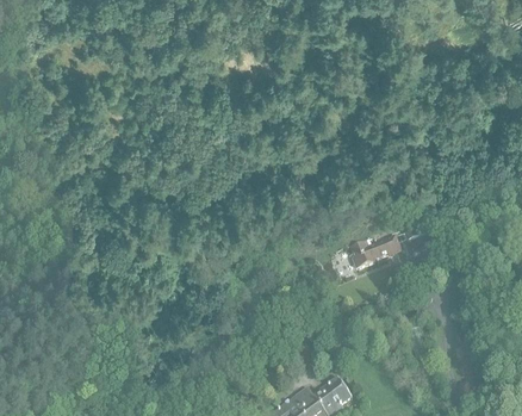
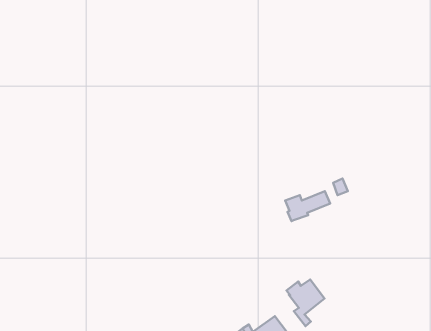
building: none -> [286,279,324,326]

